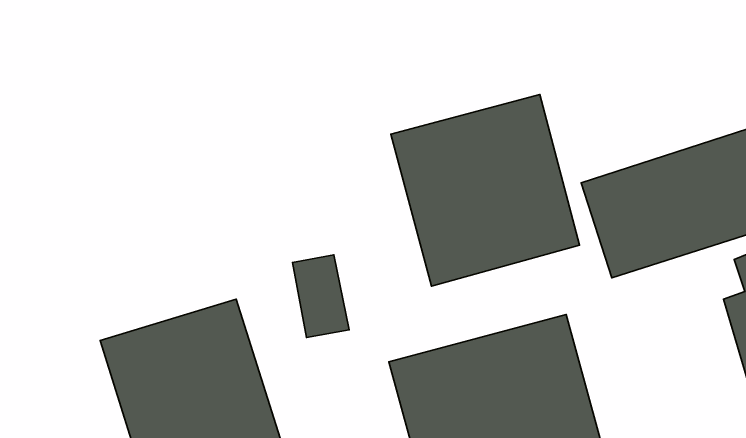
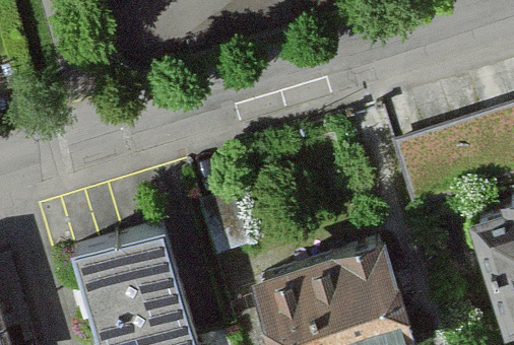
building: [391,94,579,286] -> none

